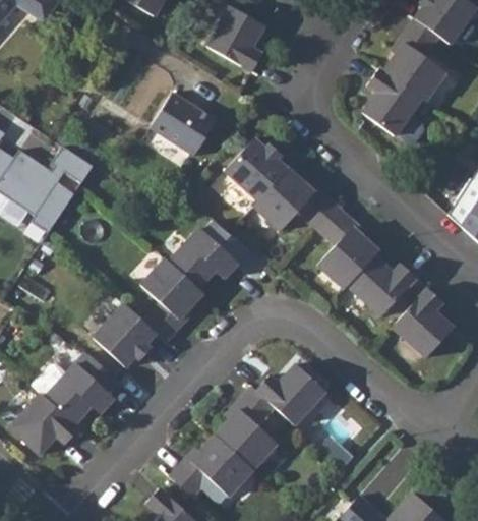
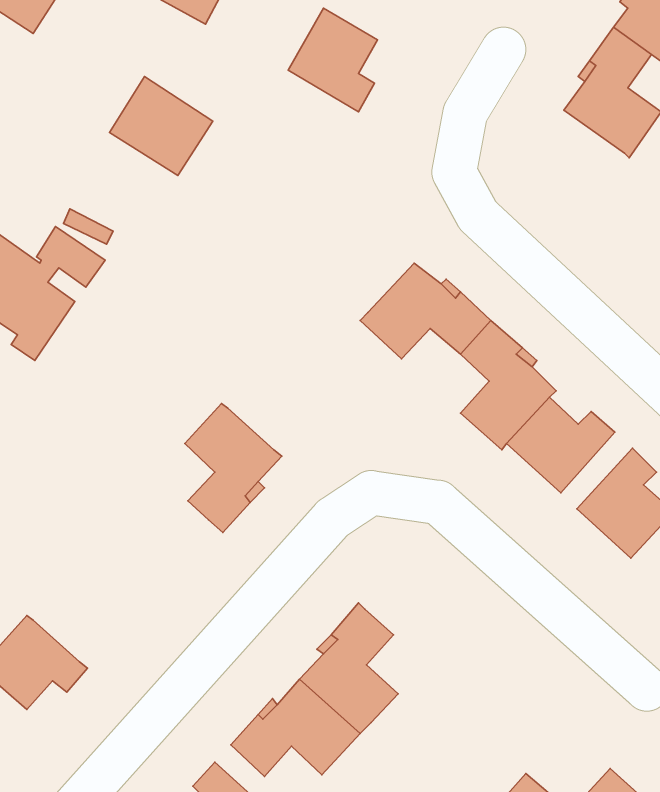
building: [362,69,422,136] -> none
building: [151,93,217,156] -> [109,77,213,175]
building: [225,138,288,201] -> none
building: [169,228,238,289] -> none
building: [94,304,157,367] -> none
building: [32,352,117,424] -> none
building: [256,365,325,426] -> none

